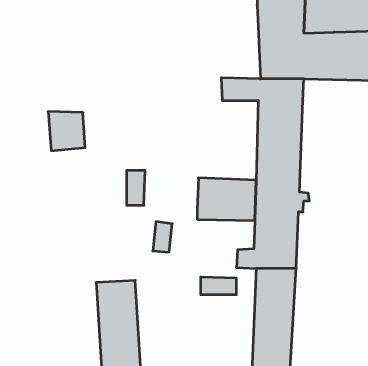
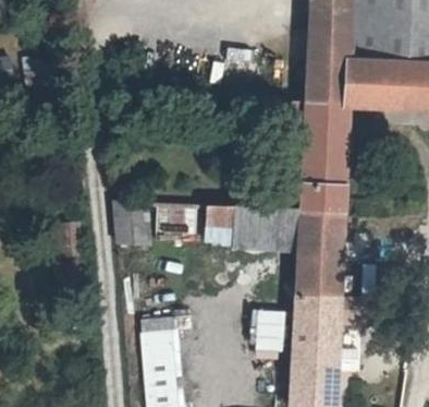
building: [48,112,85,151] -> [115,205,152,244]
building: none -> [208,208,243,241]

